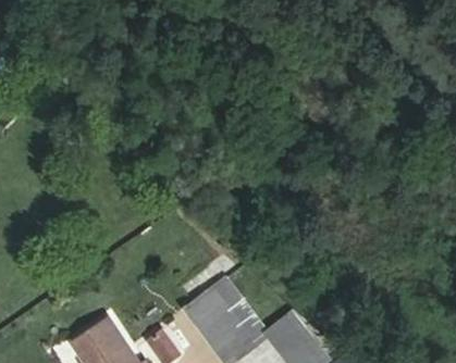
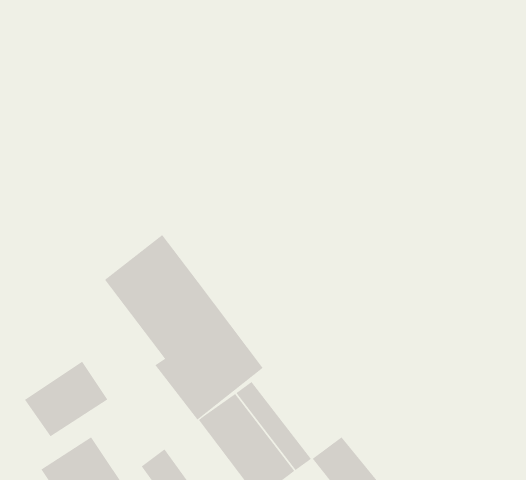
building: none -> [104,234,263,420]
building: none -> [24,361,108,437]

